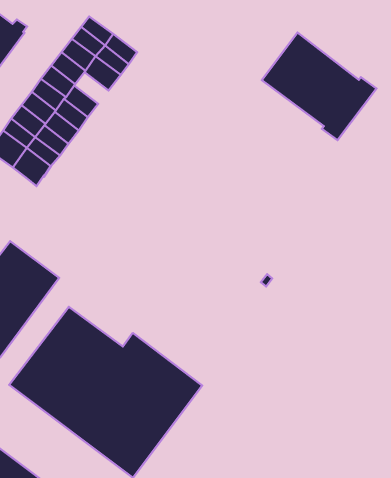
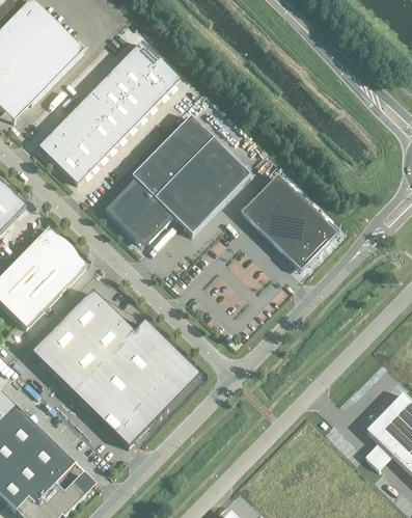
building: [262,33,377,140] -> [241,173,339,271]
building: none -> [120,88,149,117]
building: none -> [105,114,250,240]

